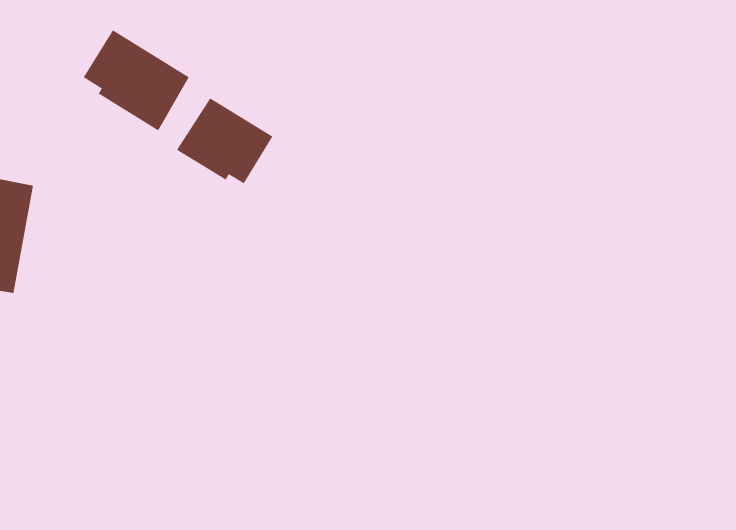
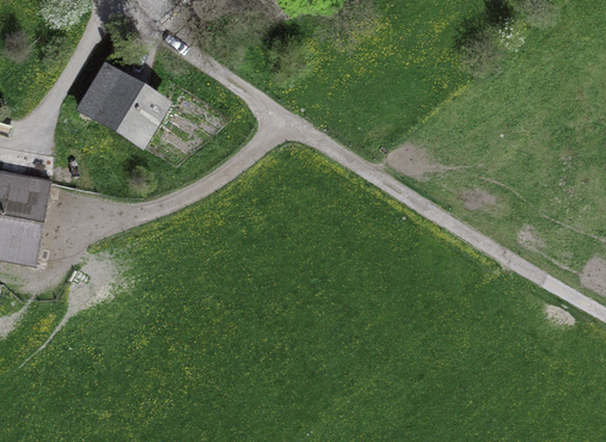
building: [176,97,273,184] -> none

